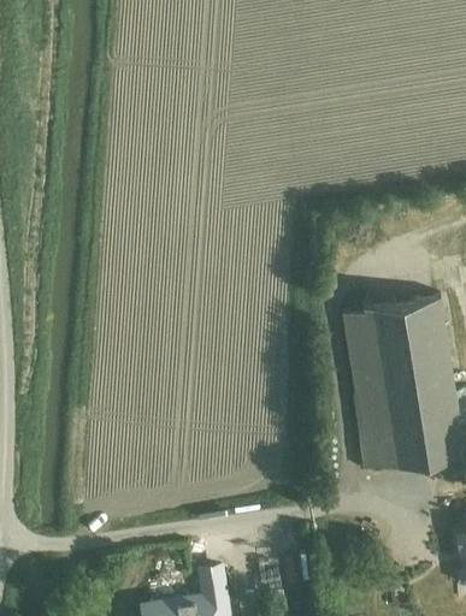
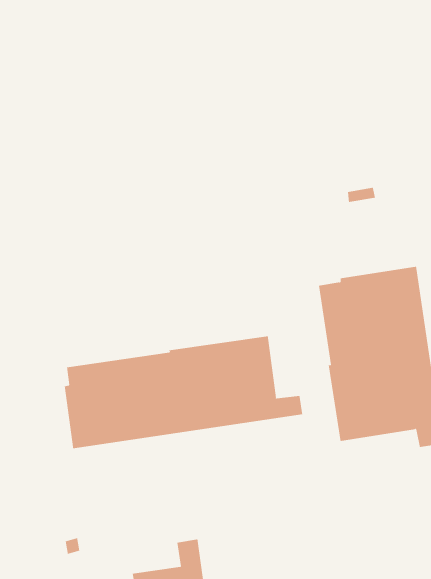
building: none -> [64,336,303,449]

